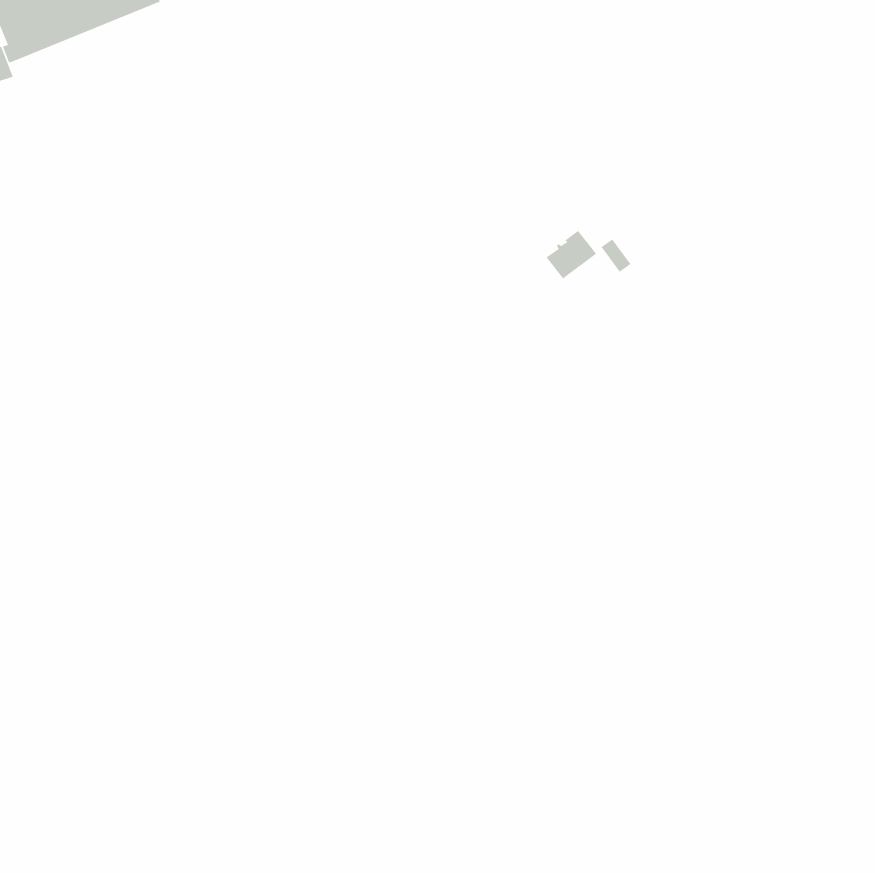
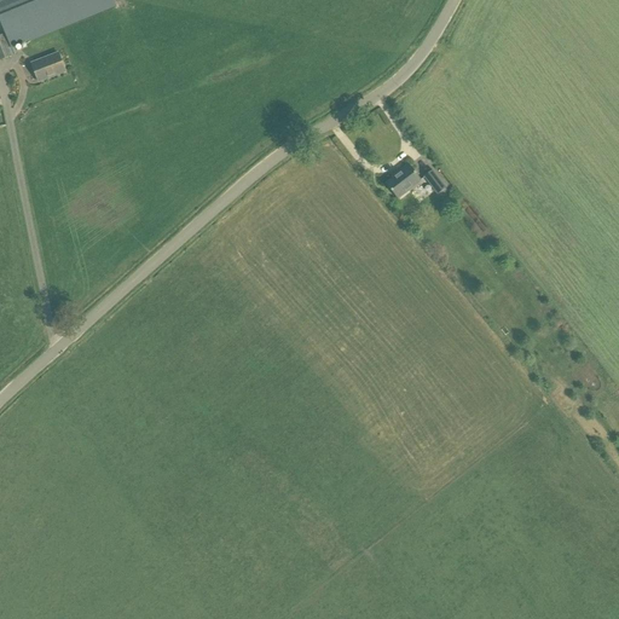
building: none -> [30,51,64,80]

